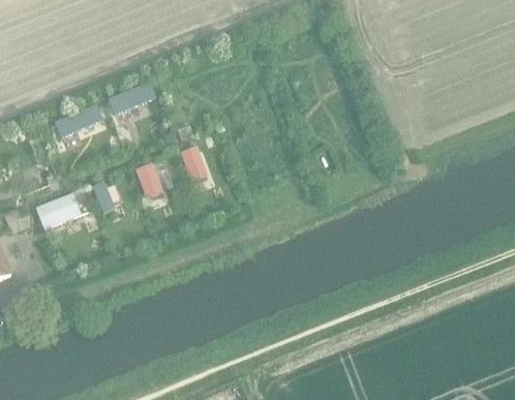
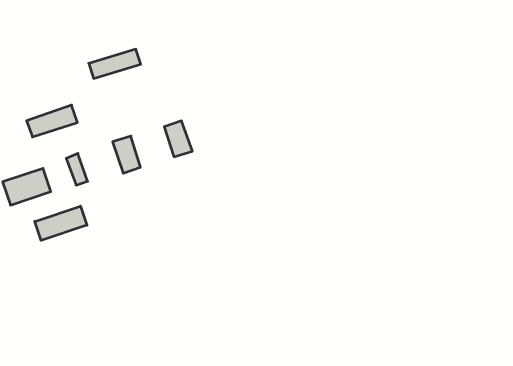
building: [56,103,102,134] -> [27,105,77,137]
building: none -> [35,206,87,240]

